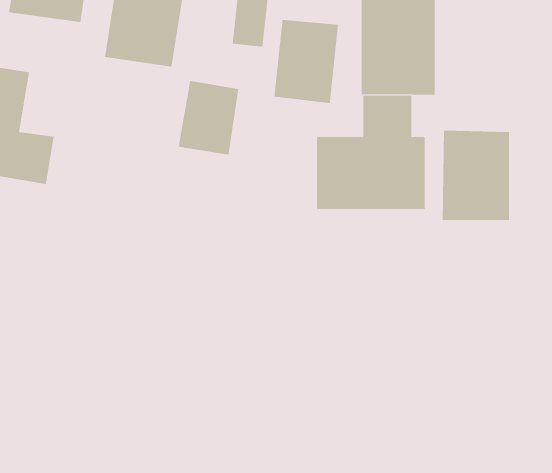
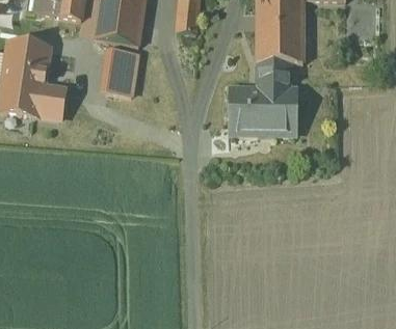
building: [274,19,339,104] -> none
building: [178,81,239,155] -> [99,47,137,93]
building: [442,130,510,221] -> none

